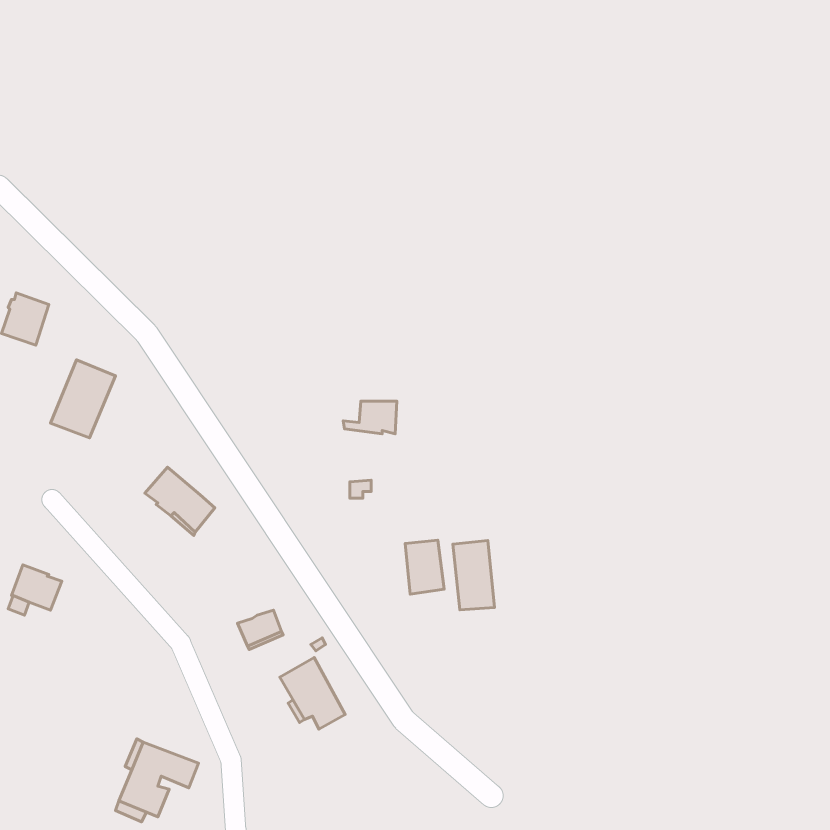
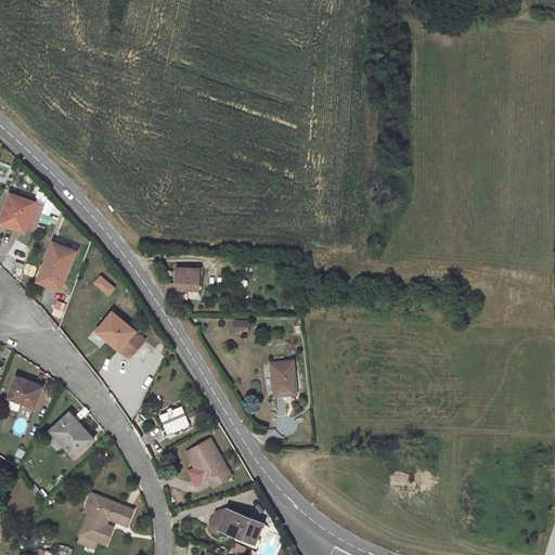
building: [343,401,397,434] -> [164,269,199,291]
building: [453,540,494,610] -> none
building: none -> [50,415,91,456]
building: none -> [219,507,262,542]

